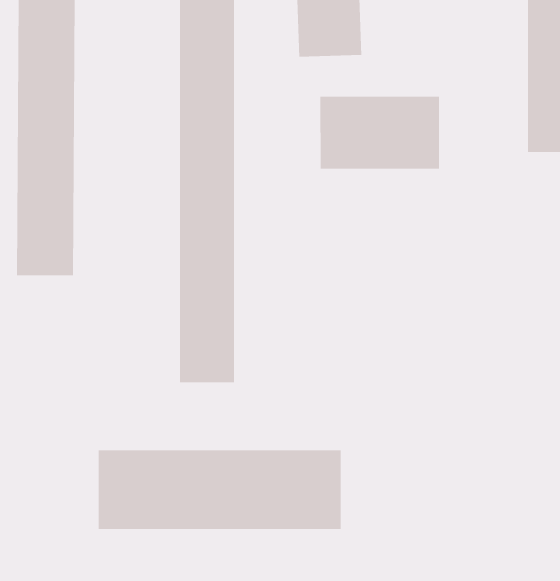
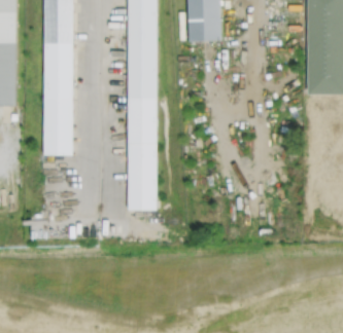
building: [320,96,440,169] -> none
building: [98,449,342,530] -> none

